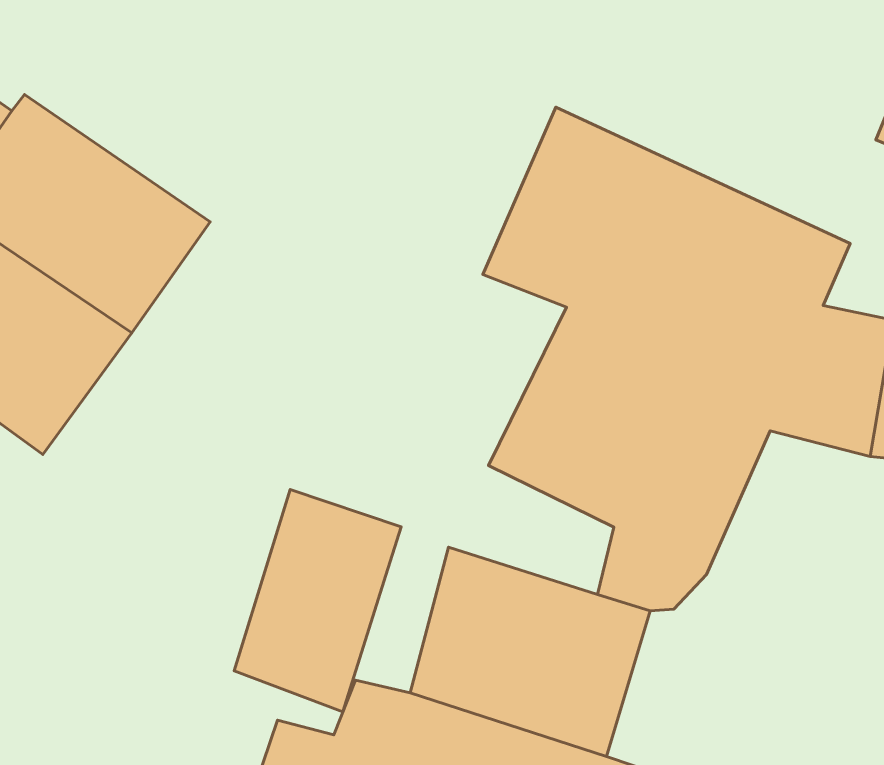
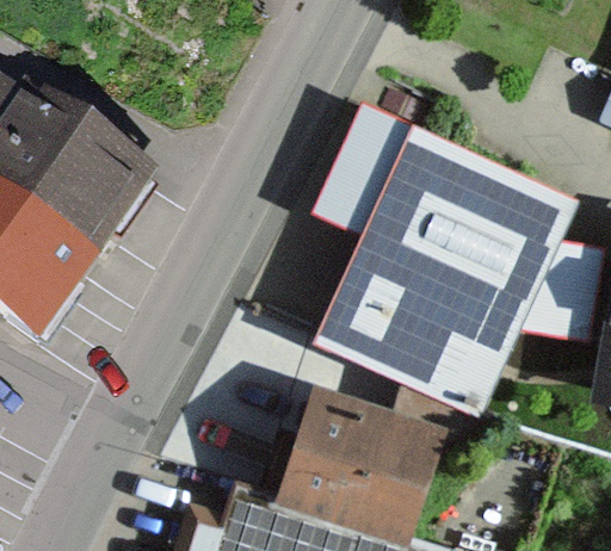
building: [234,490,401,712] -> none

